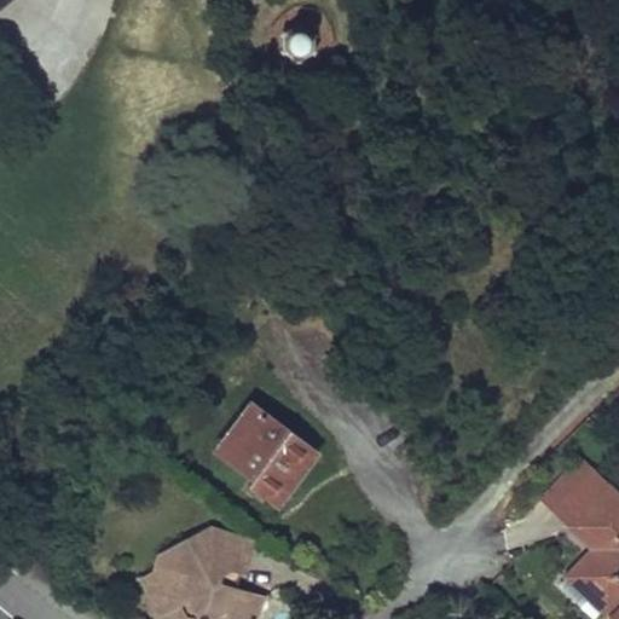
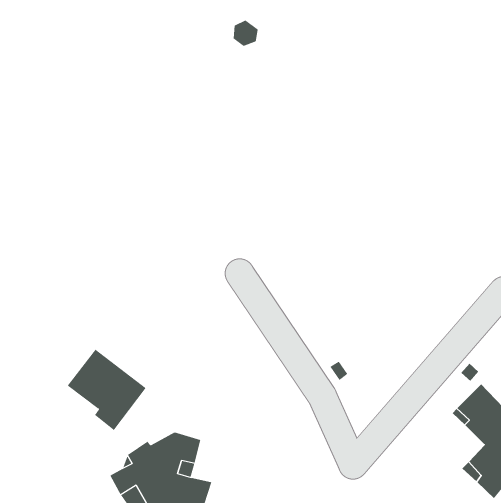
building: [216,405,314,505] -> [67,349,147,431]

